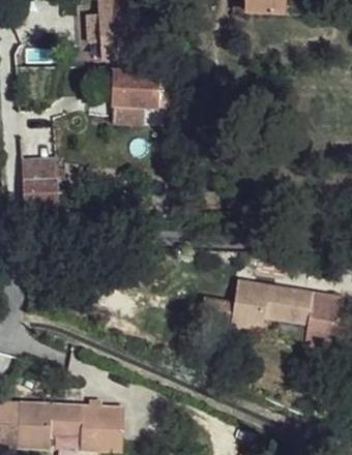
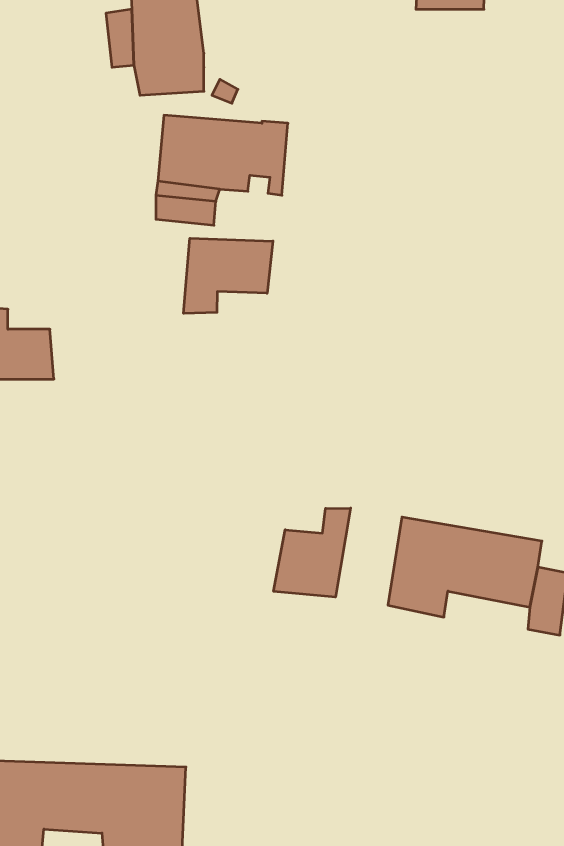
building: none -> [184,238,273,313]
building: none -> [274,508,351,597]

